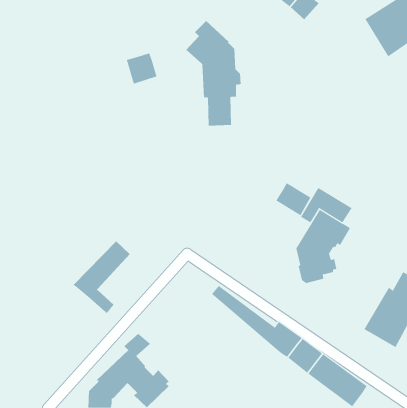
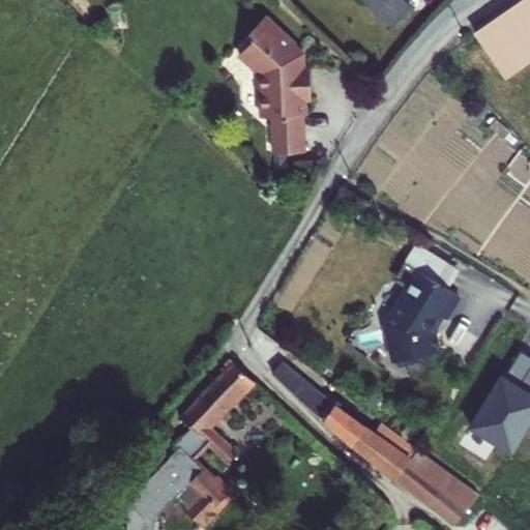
building: [126,53,157,84] -> none
building: [276,183,311,216] -> none
building: [73,241,131,314] -> [177,369,252,463]

